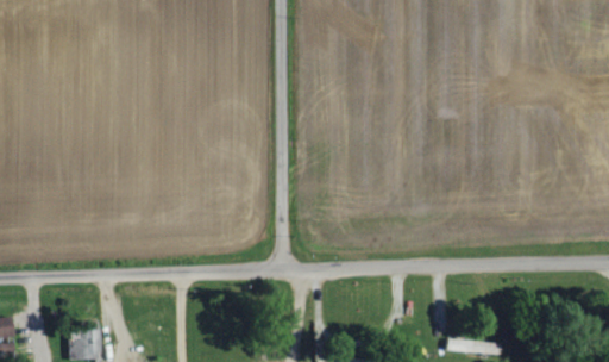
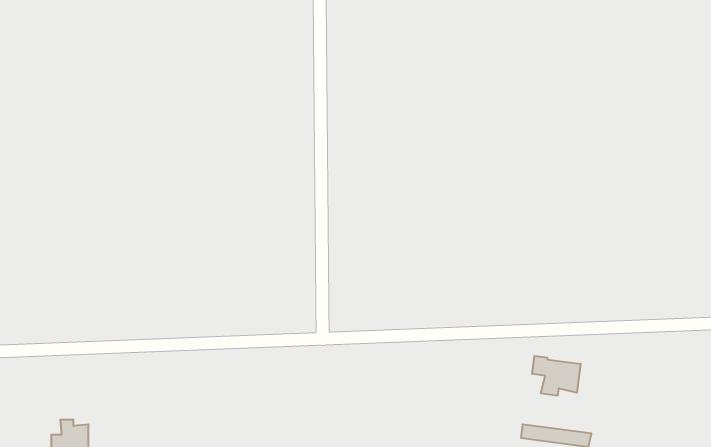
building: none -> [532,356,581,396]

